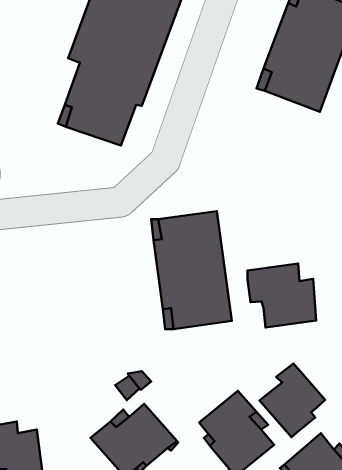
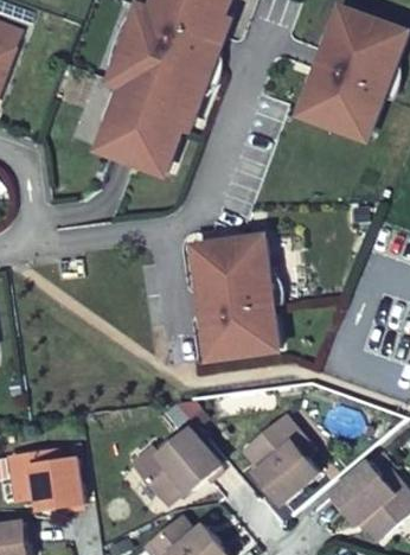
building: [247,263,316,327] -> none
building: [260,363,325,437] -> none

